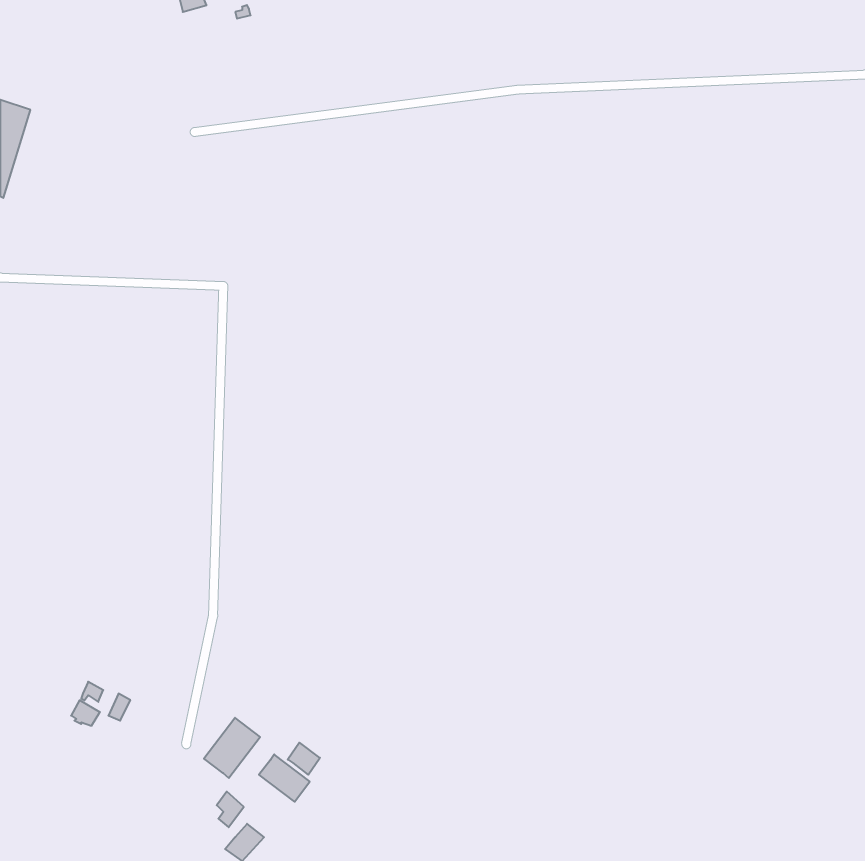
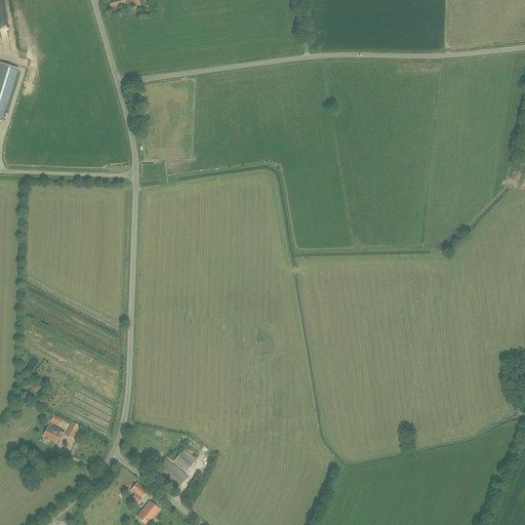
building: [204,718,260,778] -> none

